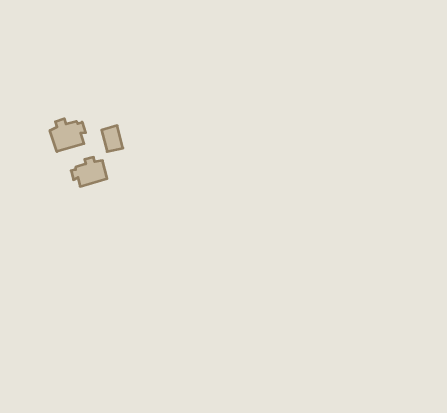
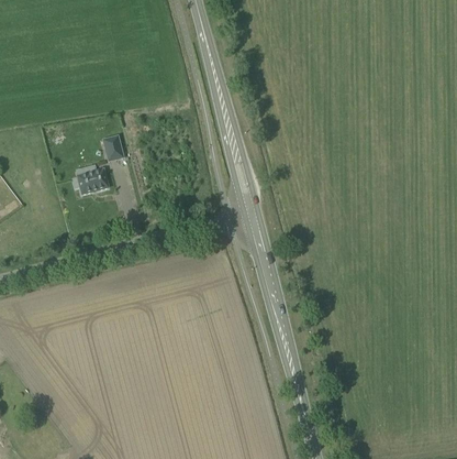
building: [50,119,86,152] -> none

